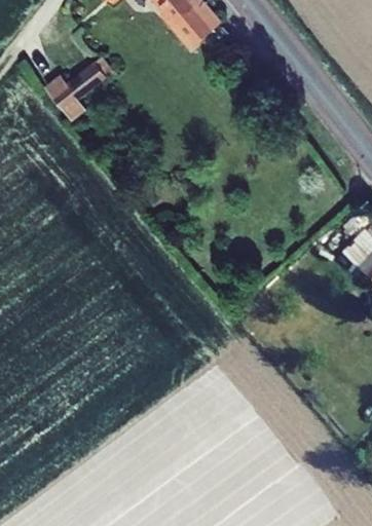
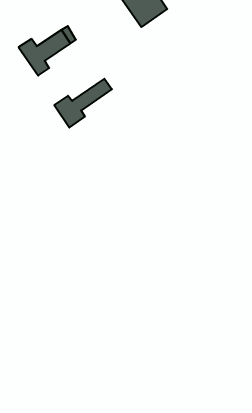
building: none -> [54,79,112,128]

